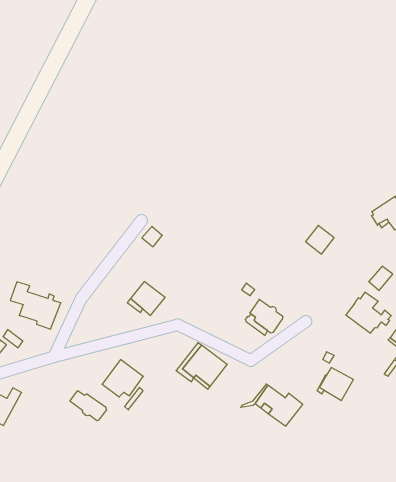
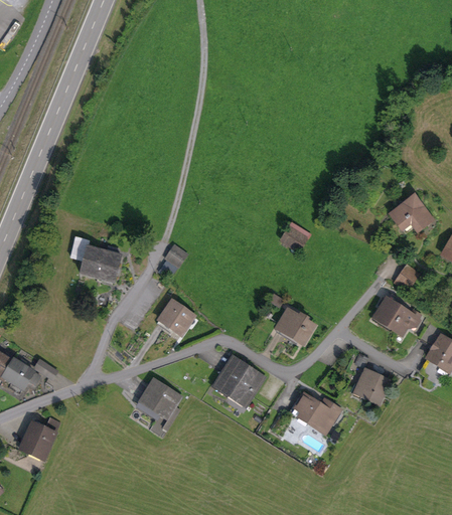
building: [306,225,334,254] -> [282,222,310,250]
building: [10,282,61,329] -> [71,237,122,282]
building: [70,391,106,421] -> none

